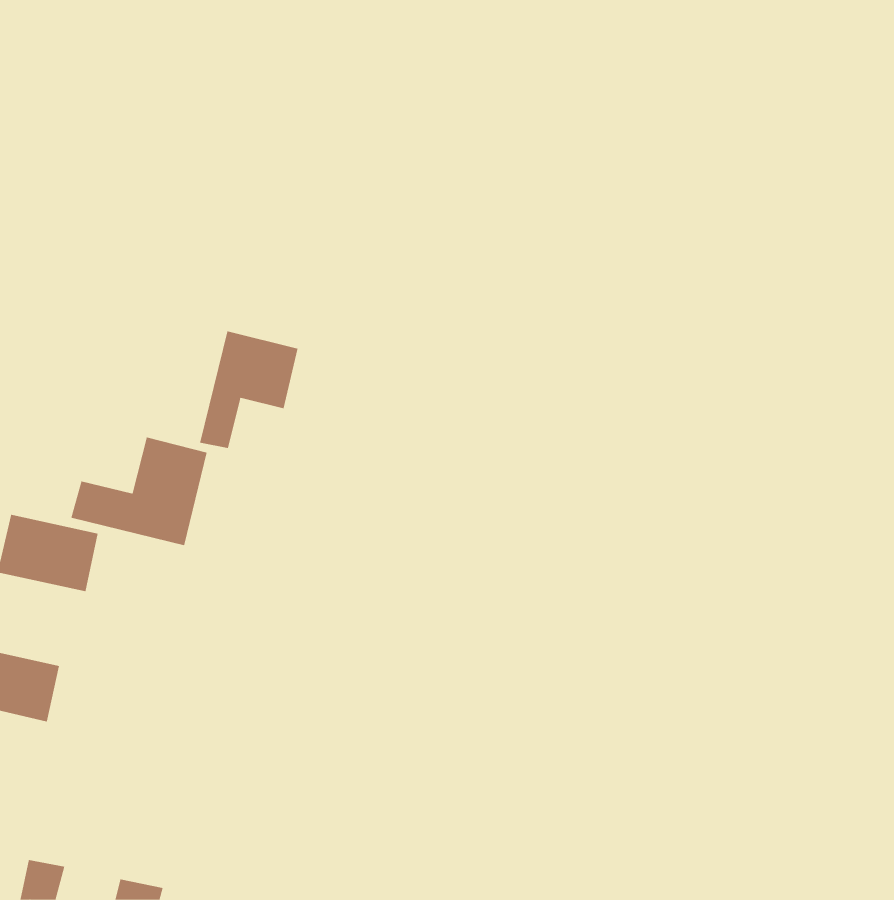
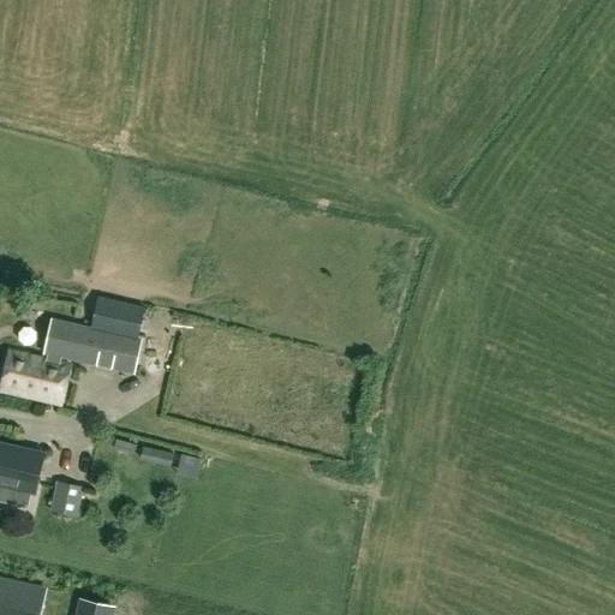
building: [200,331,298,449] -> none
building: none -> [48,480,80,517]

